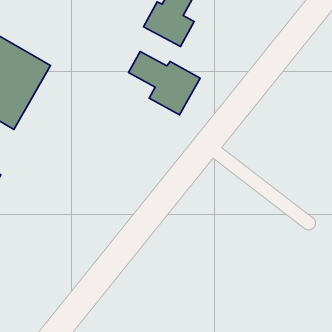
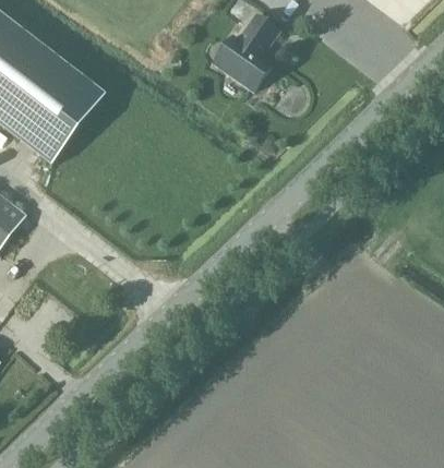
building: [128,52,200,115] -> none

